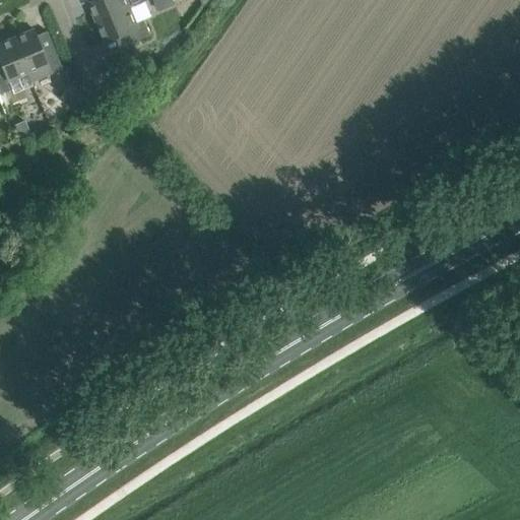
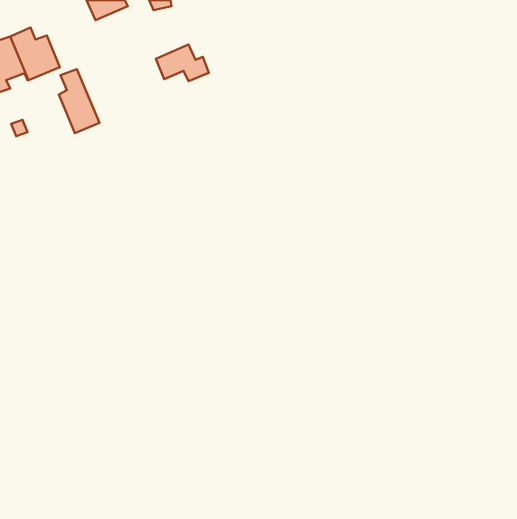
building: [95,6,148,43] -> [156,44,209,81]
building: none -> [59,69,99,133]

